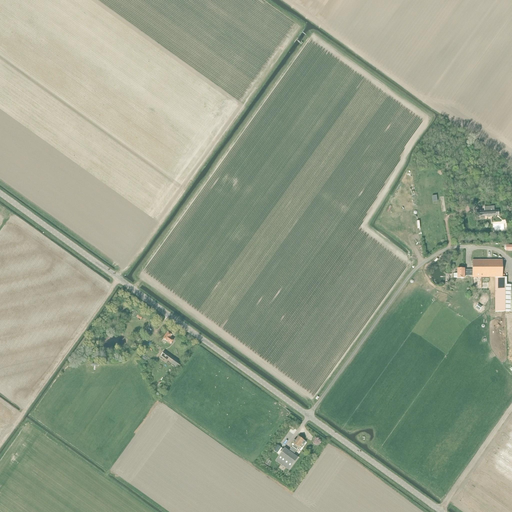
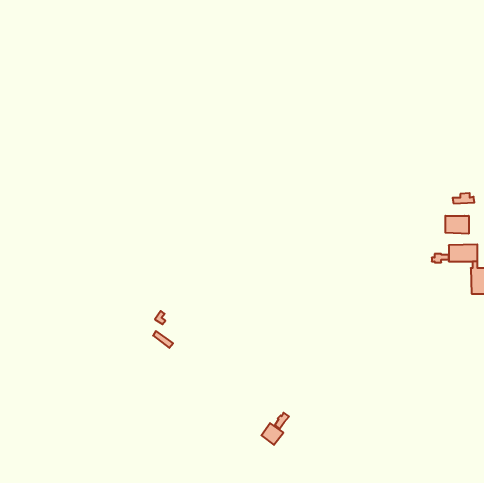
building: none -> [445,216,469,234]

